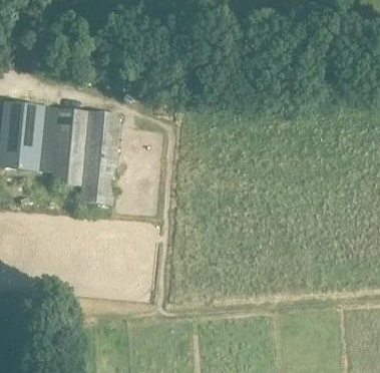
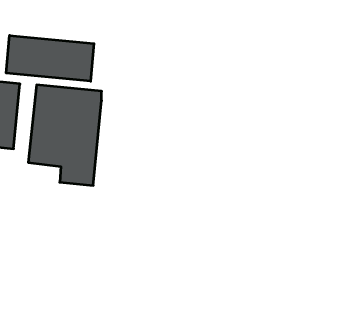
building: none -> [6,35,94,81]

